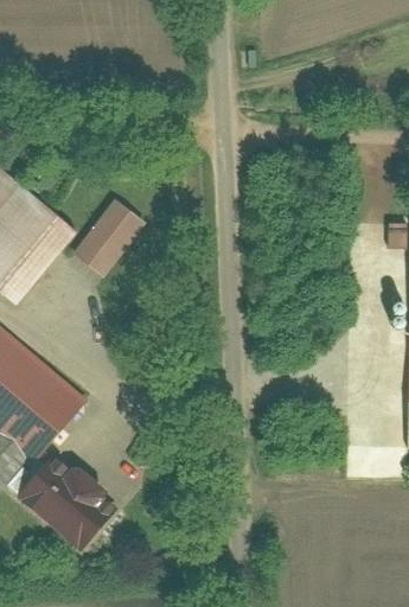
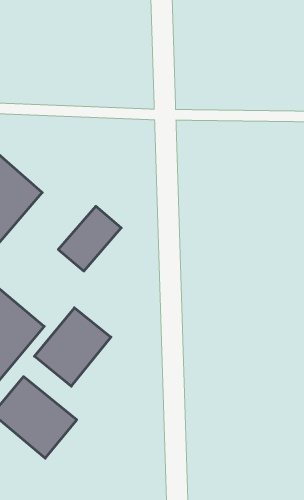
building: [70,199,146,277] -> [58,206,121,271]
building: none -> [34,308,111,386]

